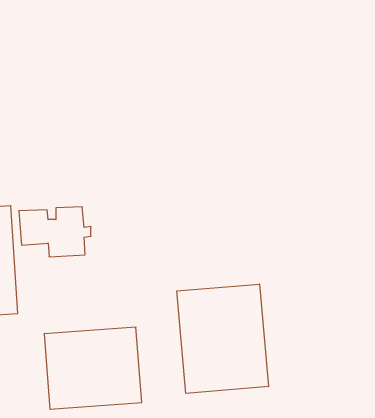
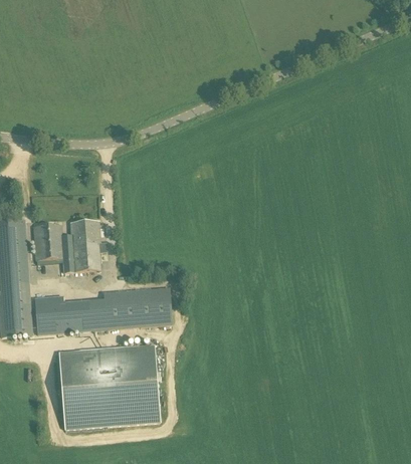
building: none -> [34,286,172,333]
building: [177,284,268,393] -> none

